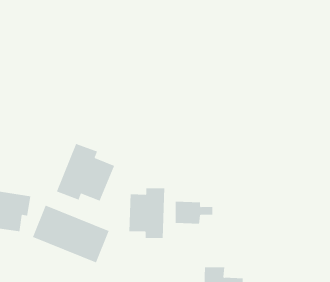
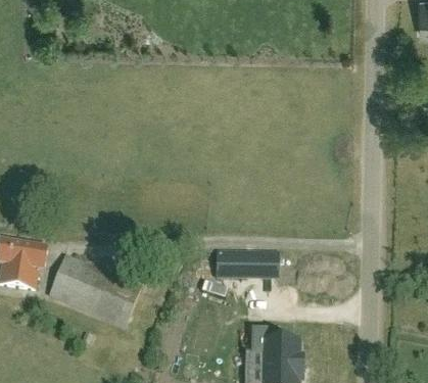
building: [56,143,115,202] -> none
building: [129,187,165,239] -> none

